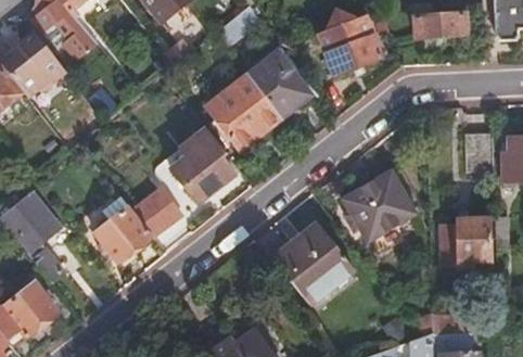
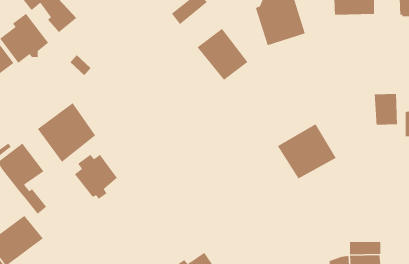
building: [206,77,279,150] -> none
building: [171,128,234,203] -> none
building: none -> [37,102,96,163]
building: [132,191,178,237] -> none
building: [441,216,492,267] -> none
building: [275,225,355,303] -> none

